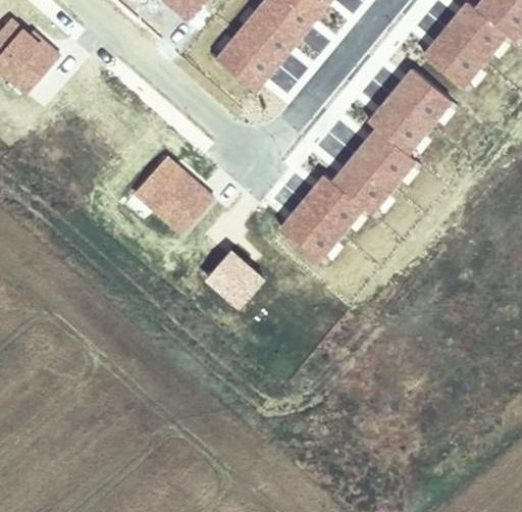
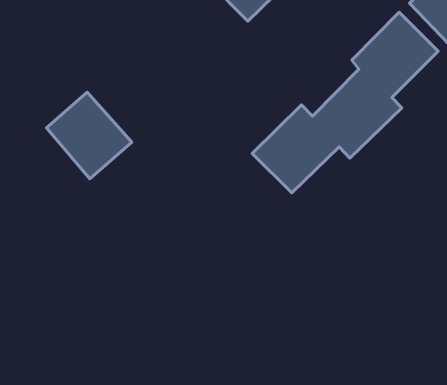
building: [130,154,218,241] -> [46,92,132,179]
building: [205,247,269,310] -> none

